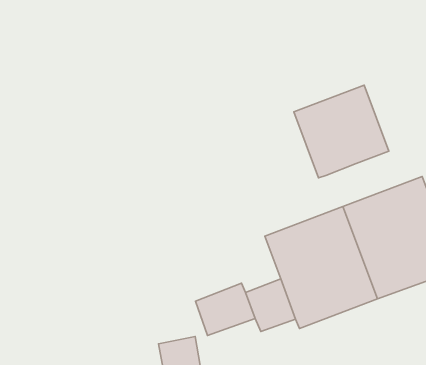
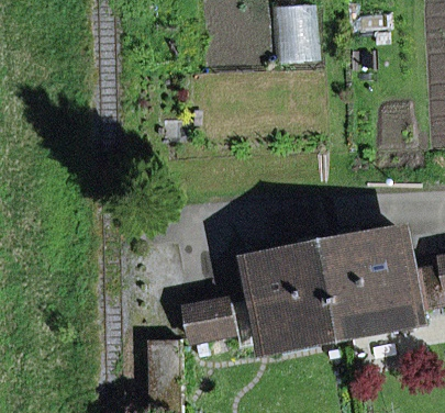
building: [294,85,389,178] -> none

